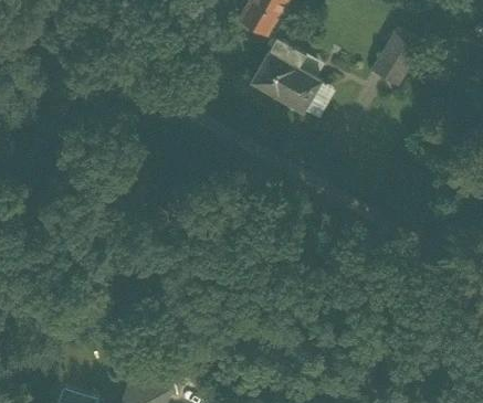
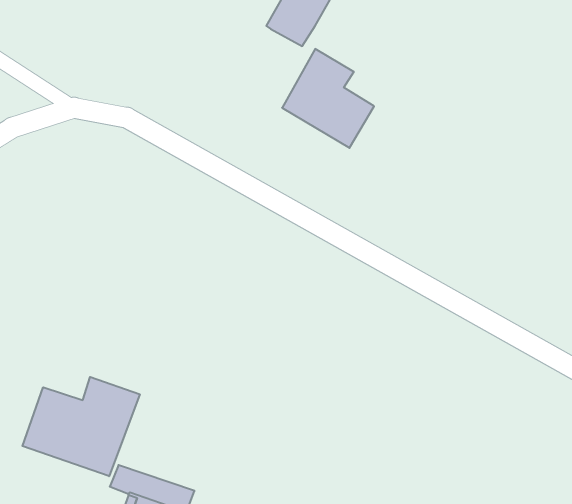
building: [371,31,419,88] -> none
building: none -> [22,377,140,476]

